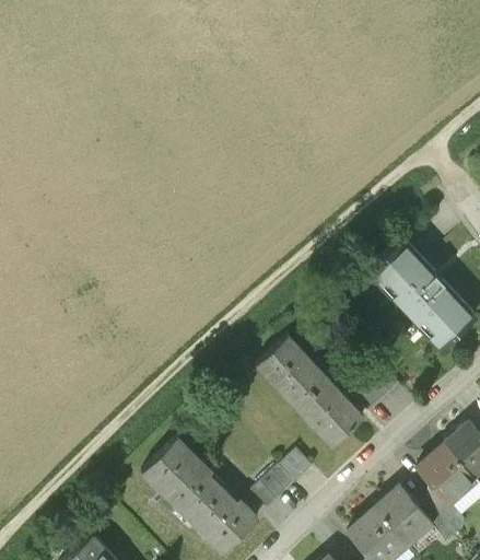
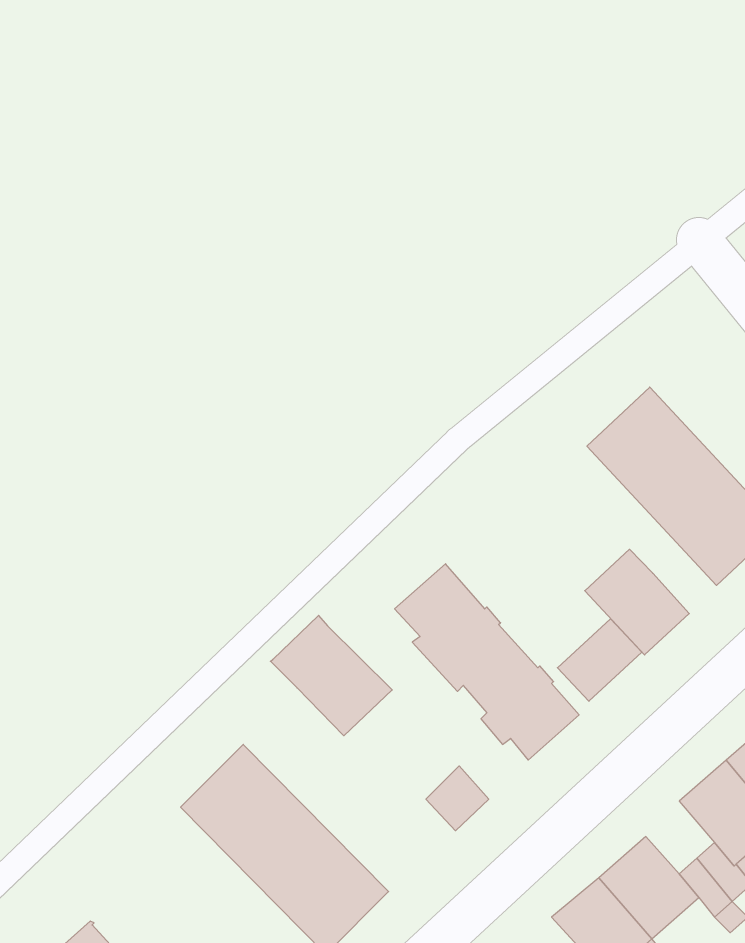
building: none -> [585,549,689,655]
building: none -> [270,615,392,736]
building: [248,467,293,510] -> none

